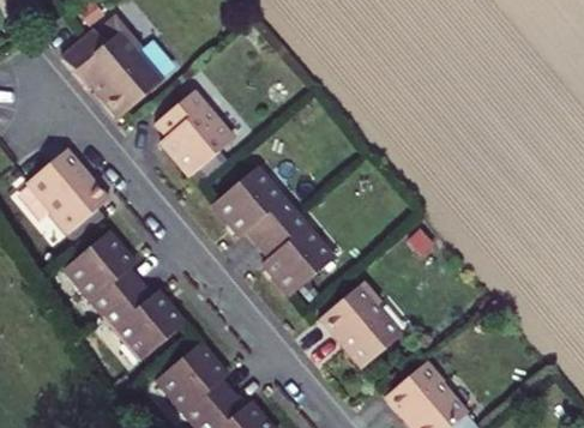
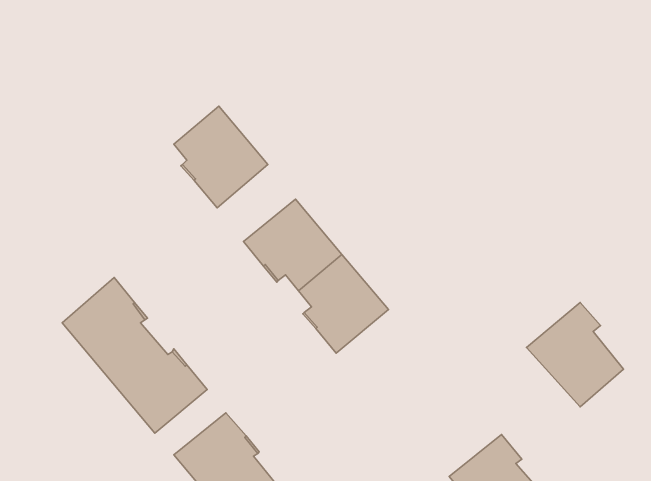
building: [61,13,161,116] -> none
building: [26,149,109,234] -> none
building: [319,281,399,367] -> [526,302,624,407]

